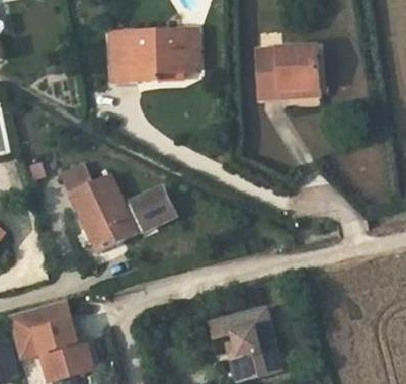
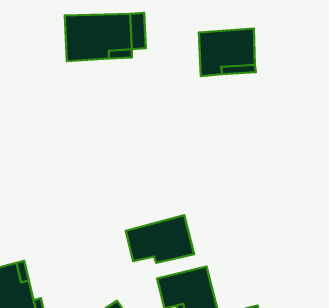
building: [61,160,175,250] -> none
building: none -> [126,215,194,263]

